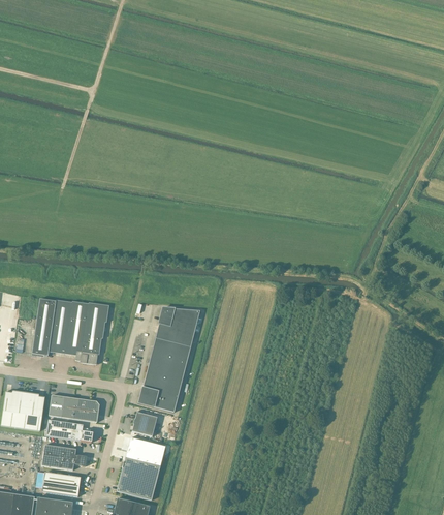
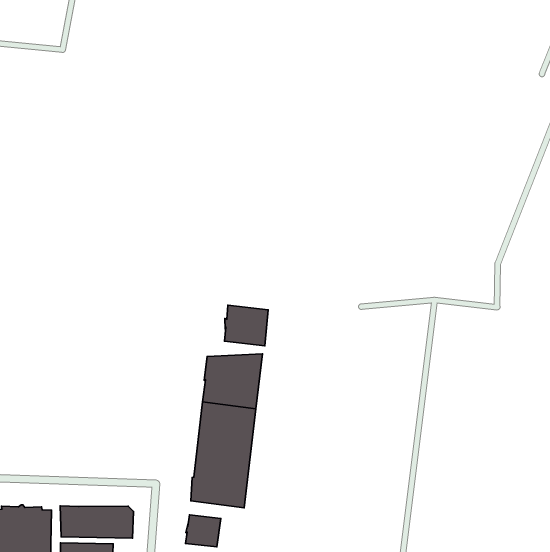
building: none -> [225,305,268,346]
building: [32,297,109,364] -> none

